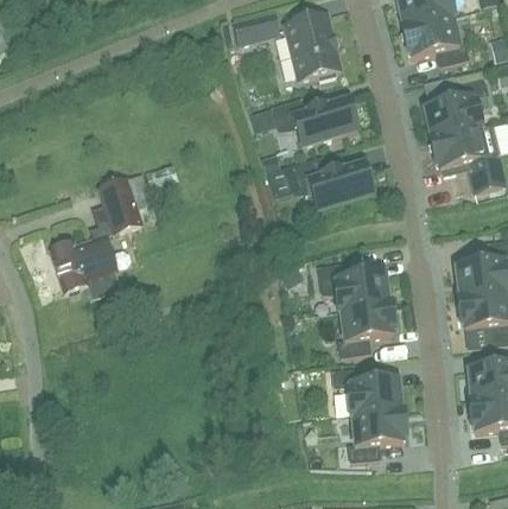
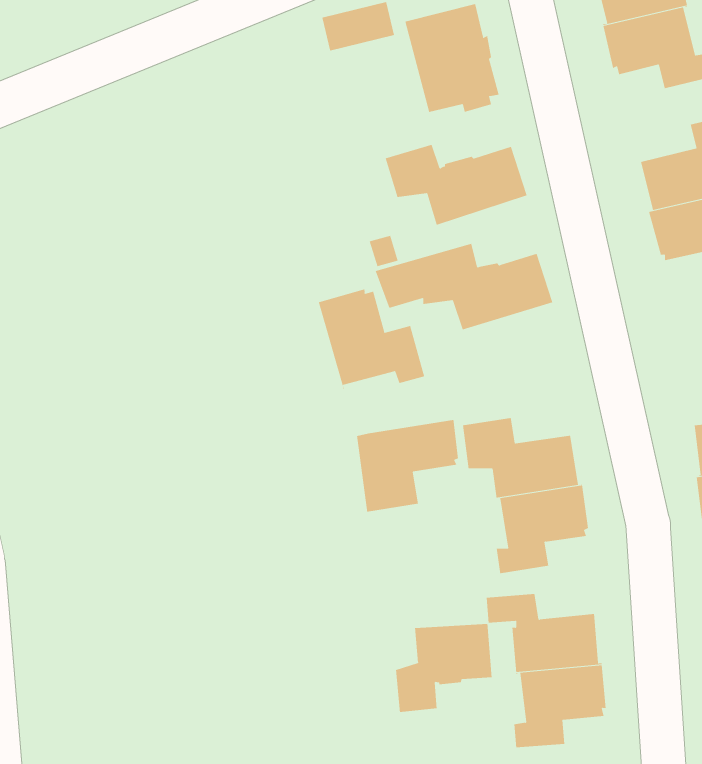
building: [49,173,155,299] -> none
building: none -> [318,288,425,390]
building: none -> [356,419,459,512]
building: none -> [395,623,492,713]

